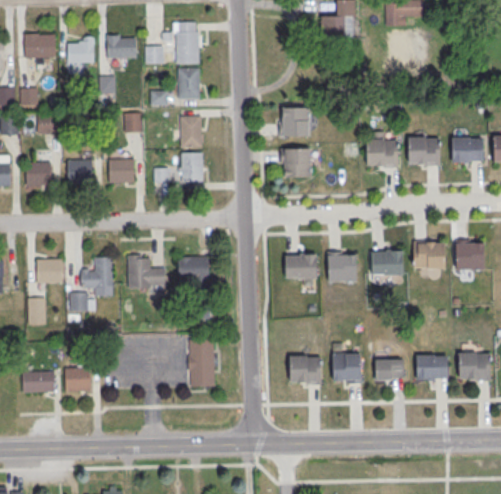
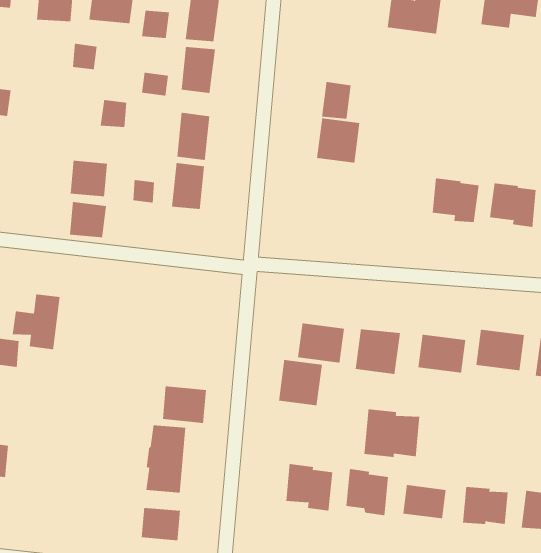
building: none -> [322,81,351,120]
building: [281,148,310,177] -> none
building: [67,160,92,184] -> [69,201,107,238]
building: [127,255,164,290] -> none
building: [178,256,209,281] -> [162,386,207,423]
building: none -> [278,359,322,406]
building: none -> [364,408,420,458]
building: none -> [141,507,180,541]

